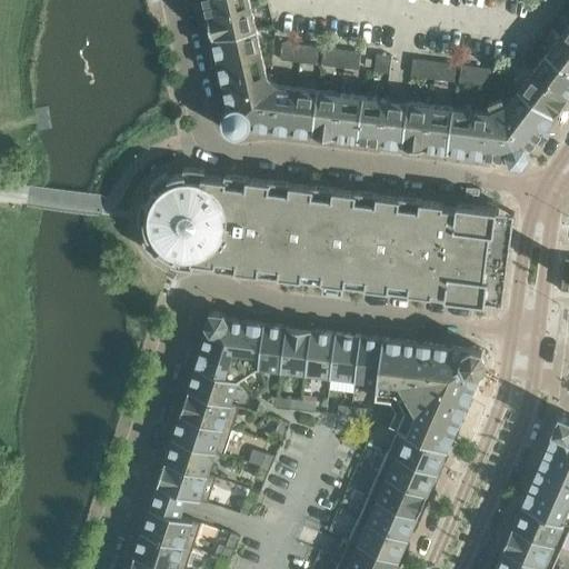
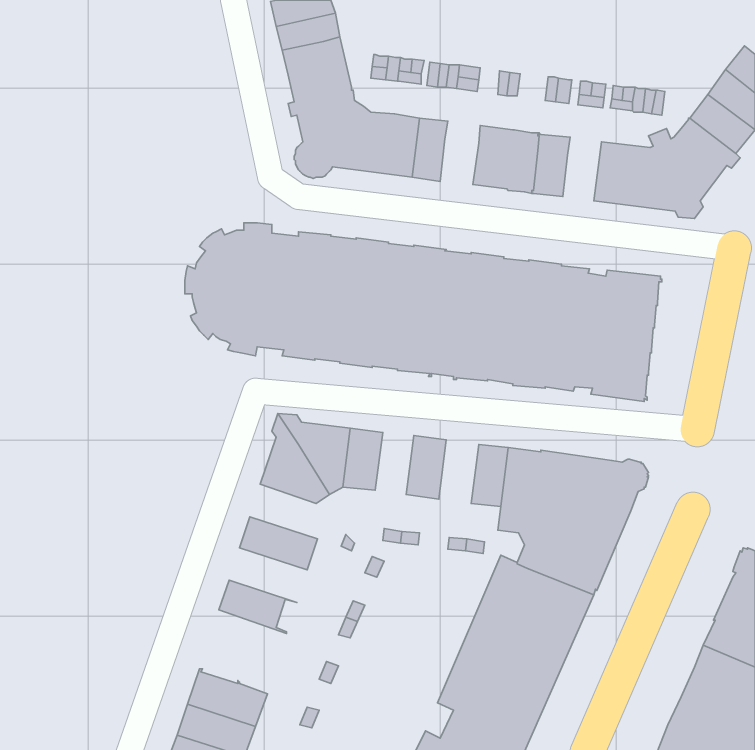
building: [331,94,361,142] -> none
building: [423,107,452,154] -> none
building: [282,329,311,376] -> none
building: [330,335,360,382] -> none
building: [188,368,239,409] -> none
building: [172,416,231,457] -> none
building: [150,462,216,518] -> none

